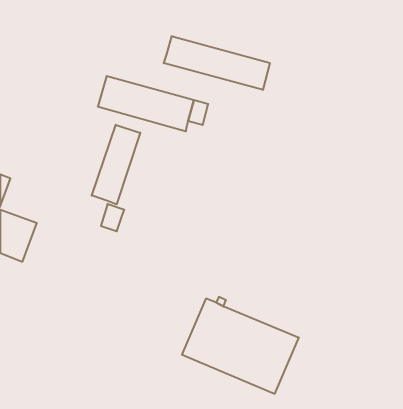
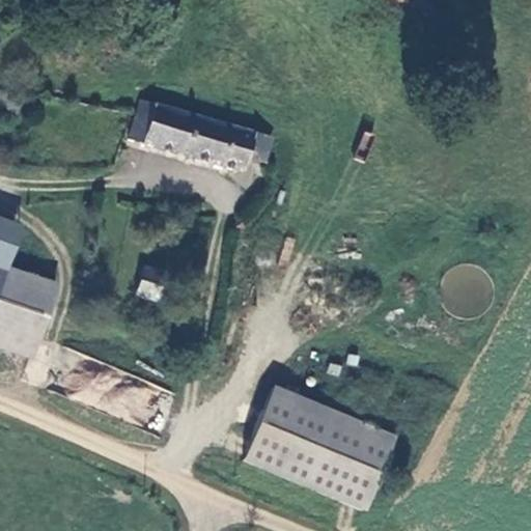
building: [164,36,270,90] -> none
building: [92,125,140,204] -> none

